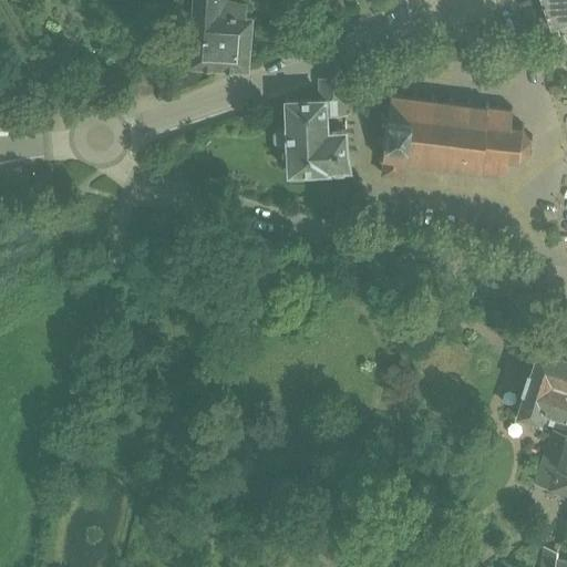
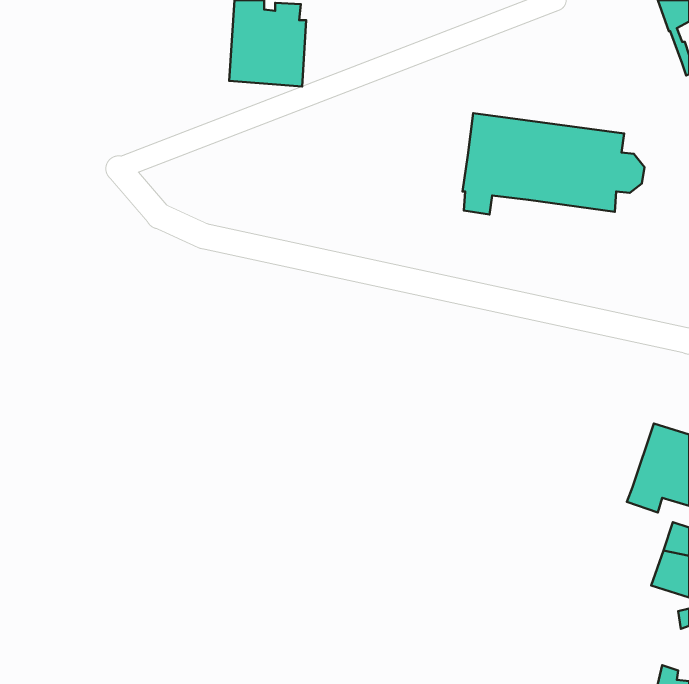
building: [272,82,351,176] -> none

